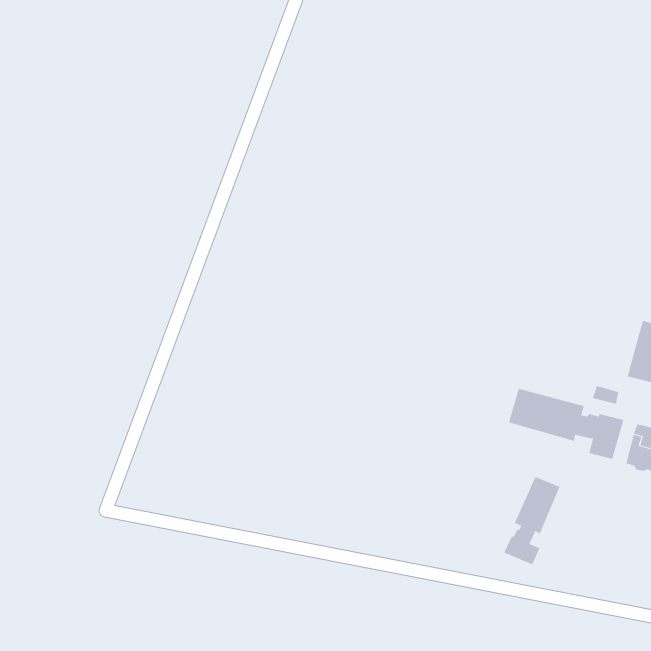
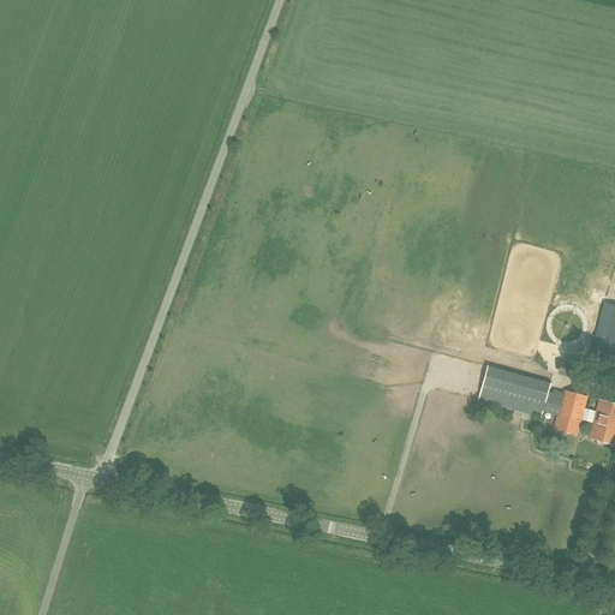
building: [504,476,560,565] -> none

